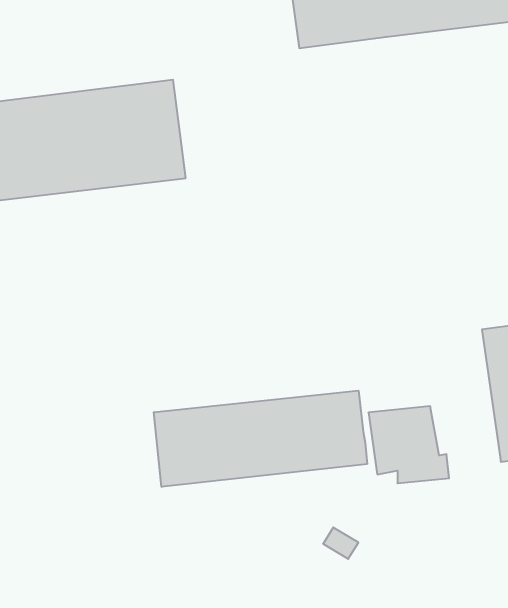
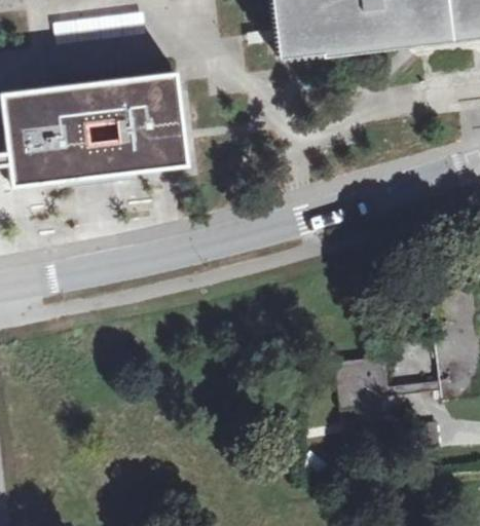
building: [154,391,367,487] -> none

